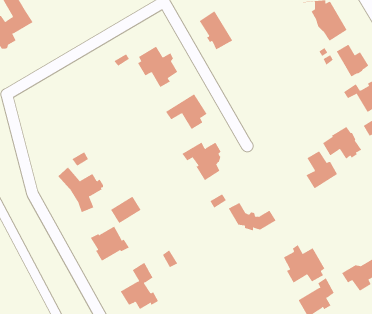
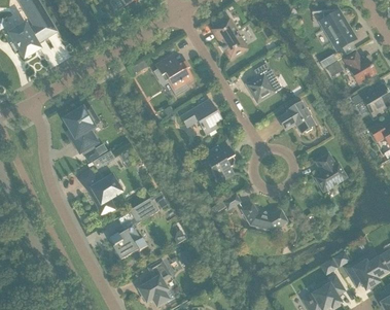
building: none -> [246,62,275,101]
building: none -> [64,104,99,150]
building: [322,126,362,159] -> [278,100,316,132]
building: [283,244,325,283] -> none

